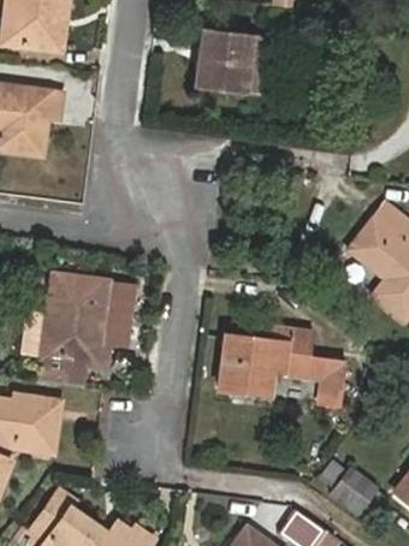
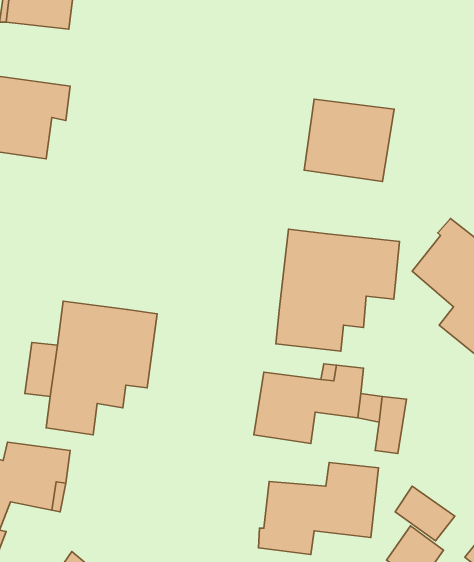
building: [194,26,269,96] -> [304,99,394,182]
building: none -> [276,229,400,351]
building: none -> [258,462,379,555]
building: none -> [395,486,455,541]

